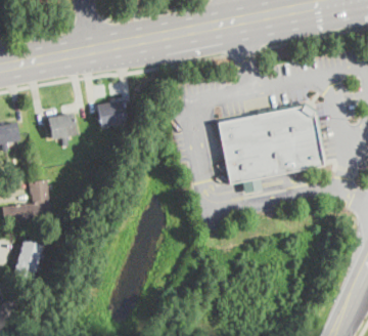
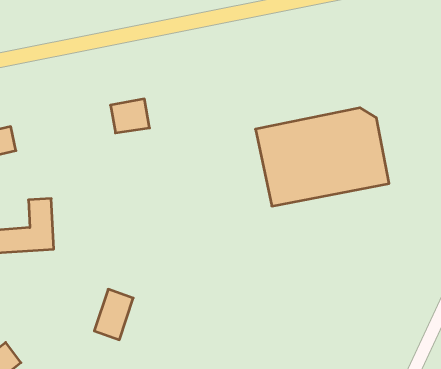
building: [48,111,79,139] -> none
building: [14,238,46,279] -> [94,289,133,340]

